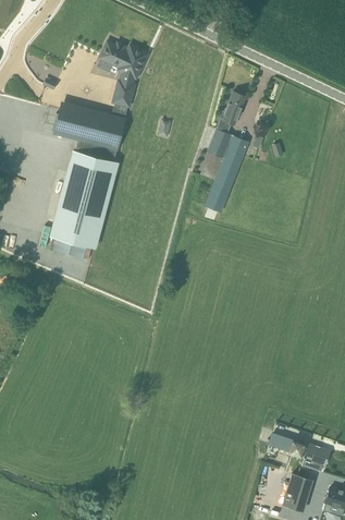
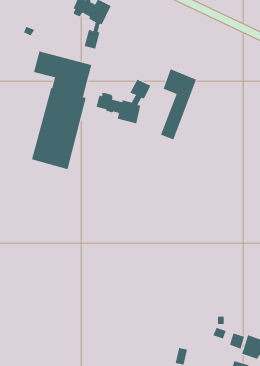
building: [218,88,246,131] -> none
building: none -> [96,79,151,124]

